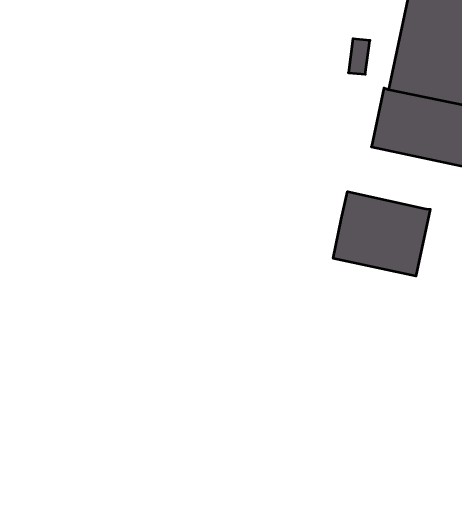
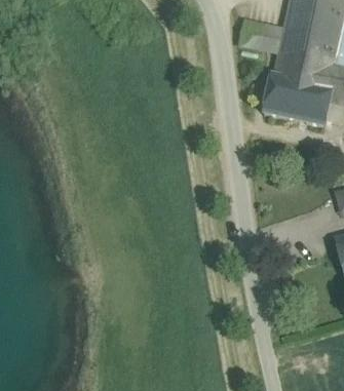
building: [333,192,430,276] -> none

